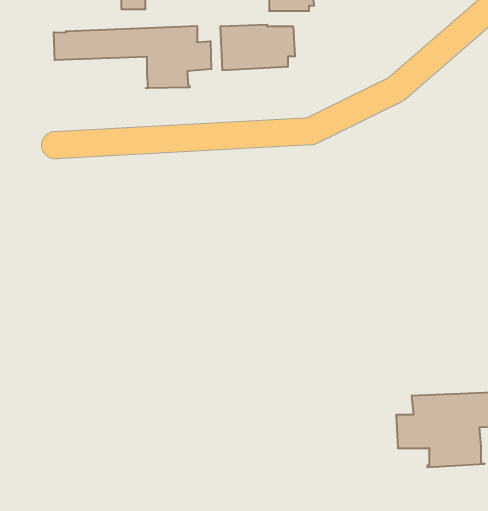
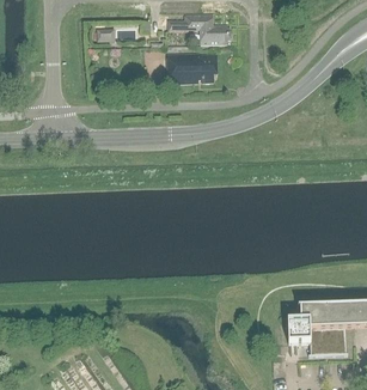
building: [54,26,211,88] -> none

